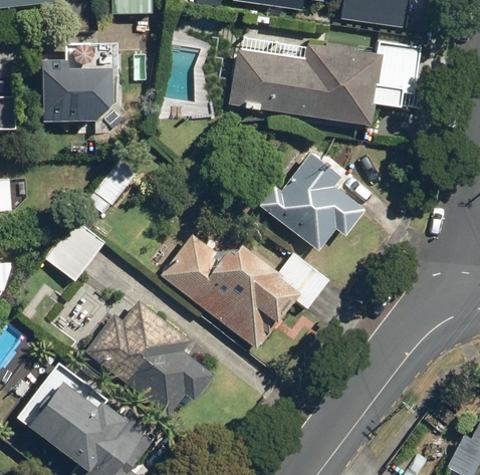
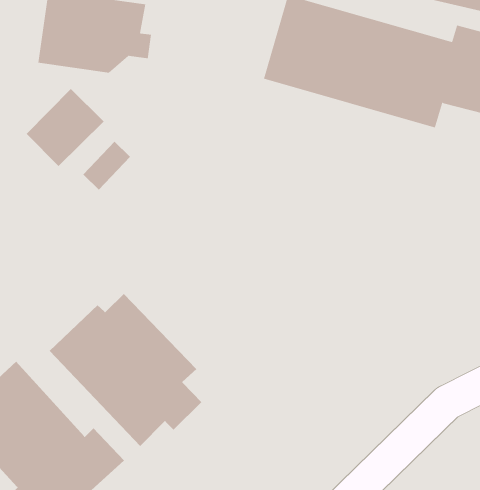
building: [259,151,365,251] -> none
building: [44,218,106,283] -> [26,88,104,167]
building: [160,230,328,347] -> none

